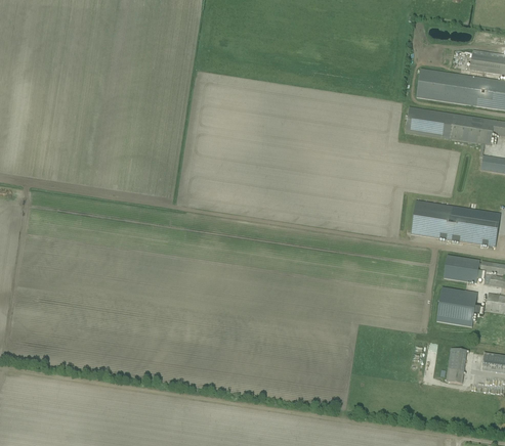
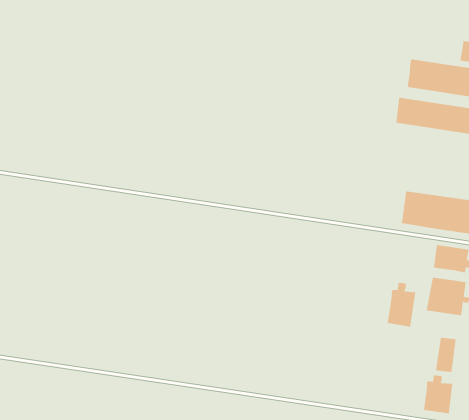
building: none -> [387,282,416,327]
building: none -> [423,375,453,414]

